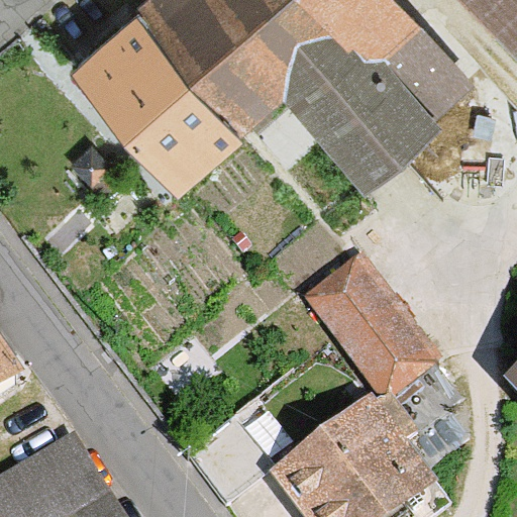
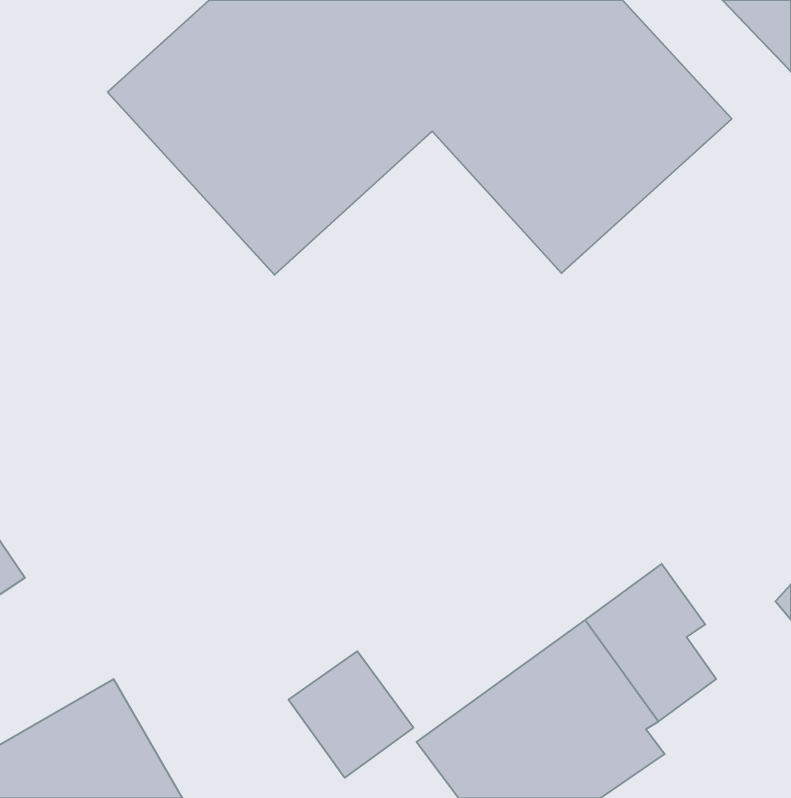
building: [305,262,431,401] -> none

